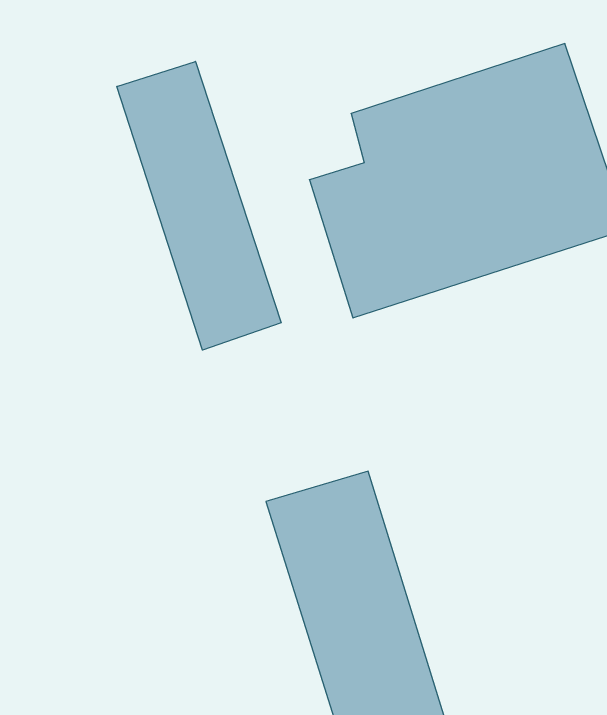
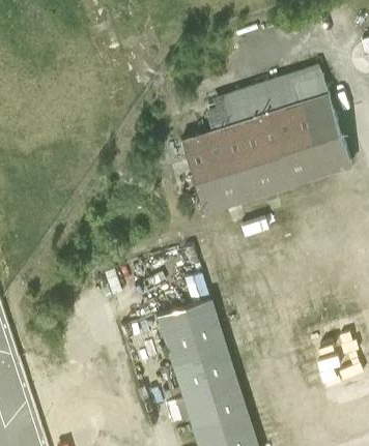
building: [117,61,281,350] -> none

